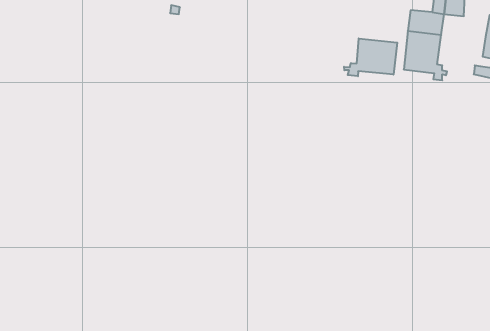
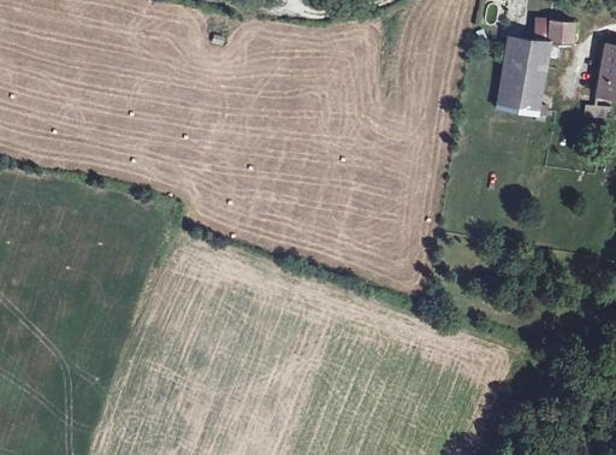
building: [344,38,397,76] -> none

